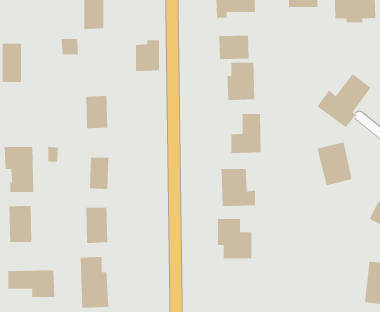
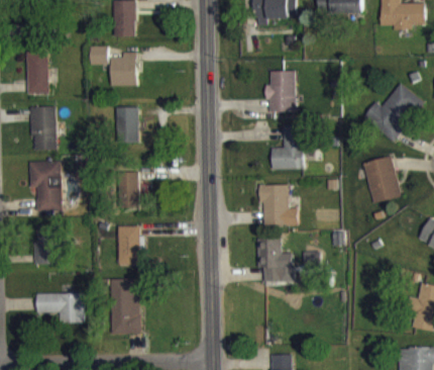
building: [218,35,250,60] -> none
building: [135,40,160,72] -> [111,52,137,86]
building: none -> [29,106,57,149]

